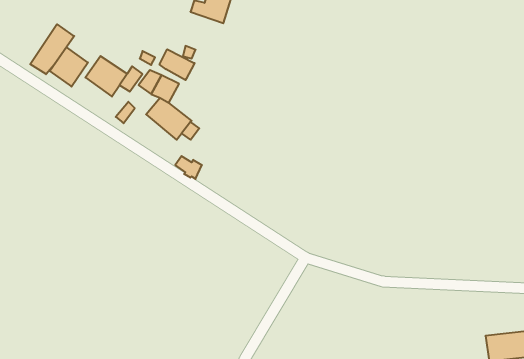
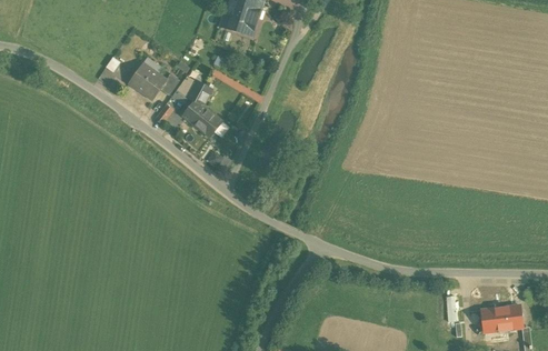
building: [30,24,74,74] -> none
building: [160,49,195,80] -> none

